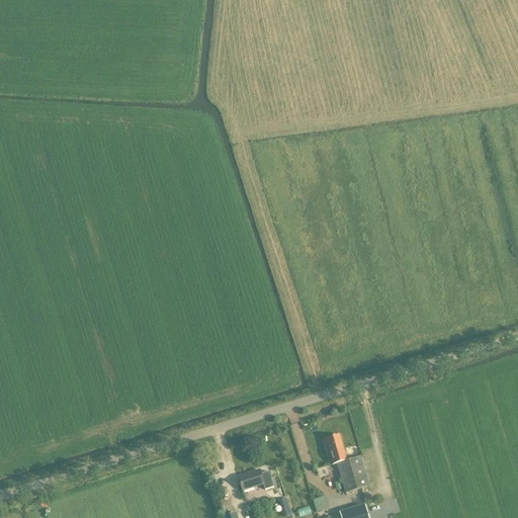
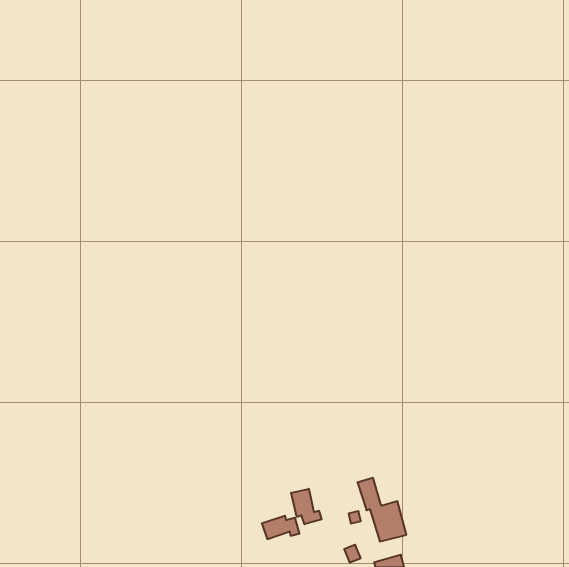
building: none -> [291,489,322,524]

